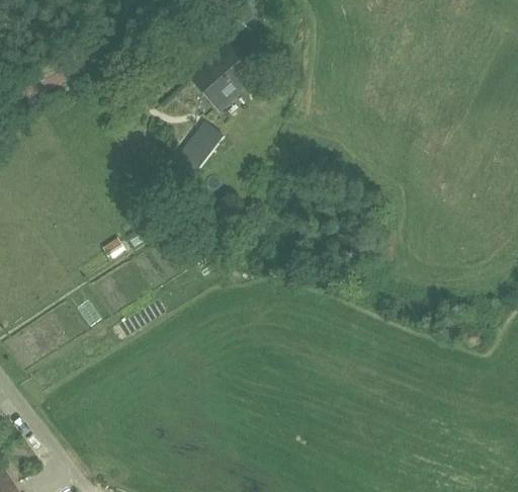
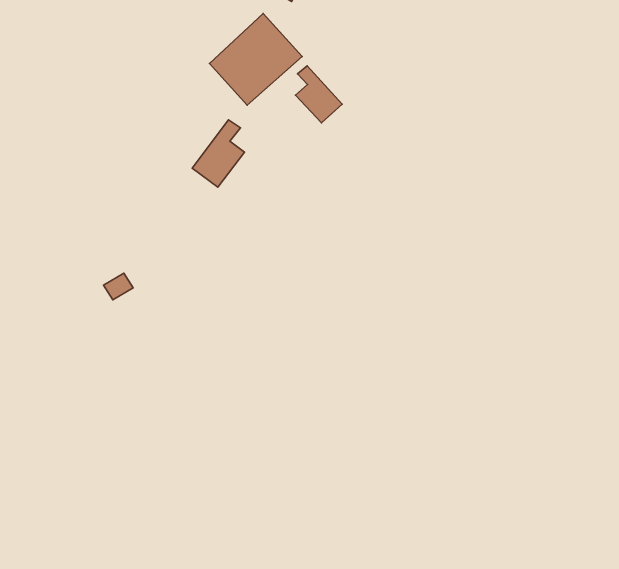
building: none -> [296,66,342,123]

